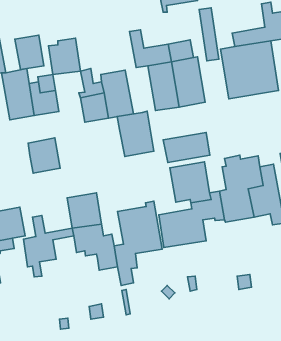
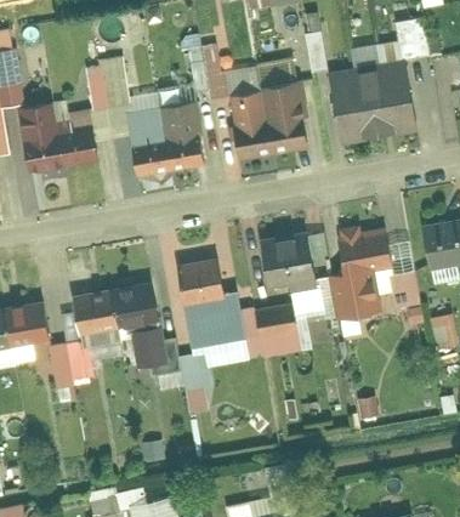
building: [15,35,44,70] -> none
building: [117,111,154,156] -> none
building: [163,133,210,162] -> none
building: [28,138,60,173] -> [72,286,118,337]
building: none -> [176,260,225,306]

